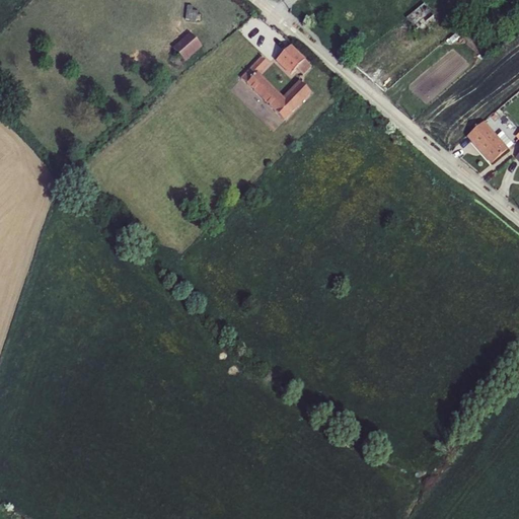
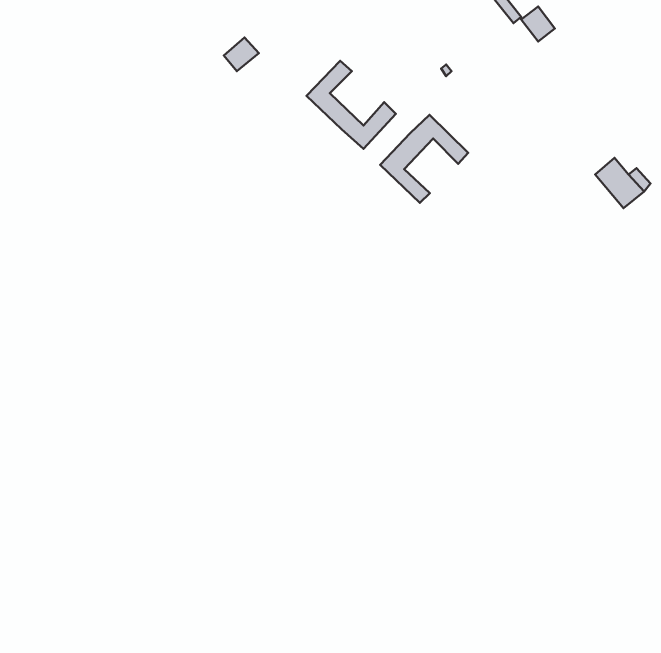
building: [278,45,312,74] -> none
building: none -> [380,115,468,203]

